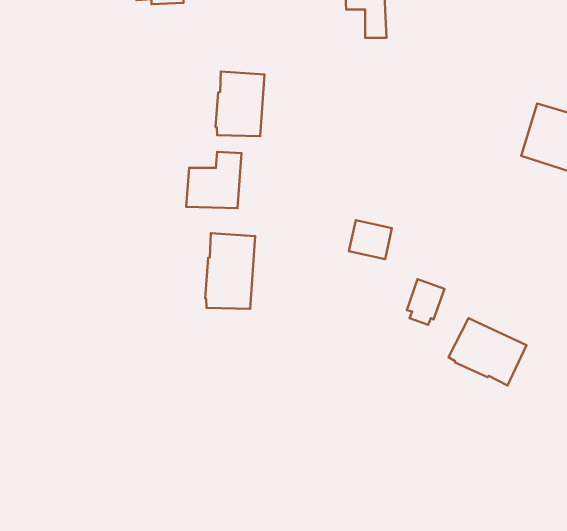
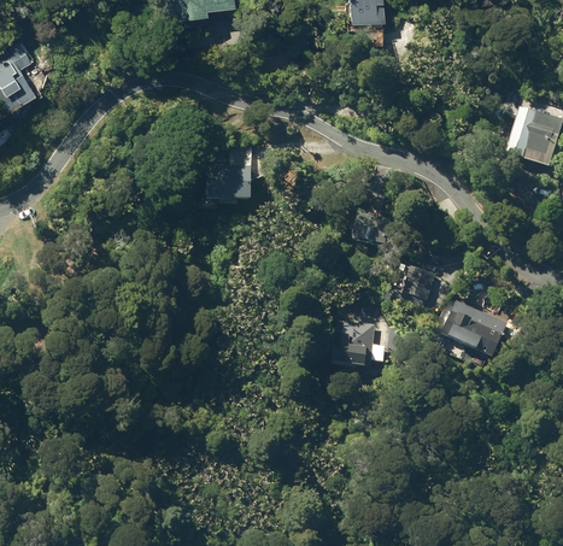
building: [216,71,265,136] -> none
building: [205,233,255,309] -> none
building: none -> [330,317,377,366]

